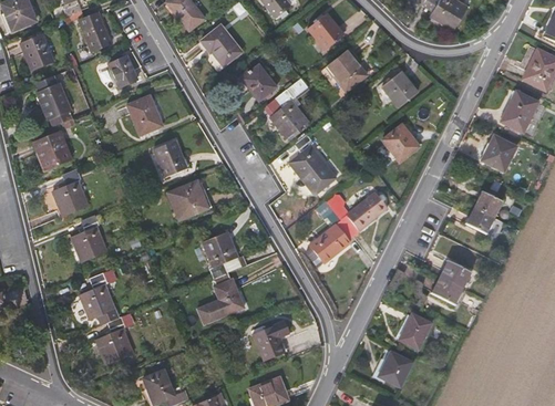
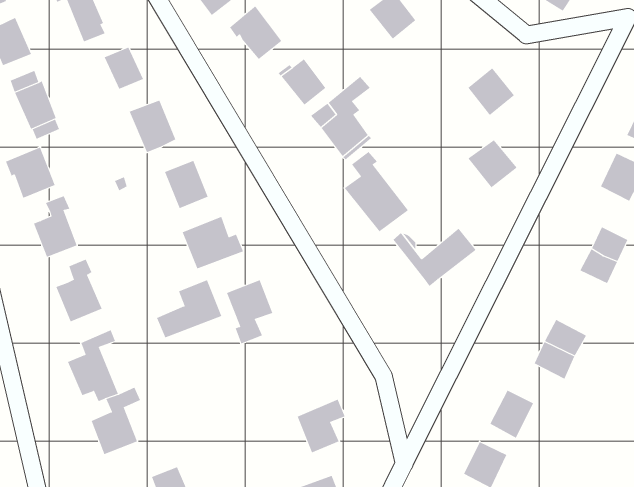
building: [326,52,367,92] -> none
building: [306,211,350,267] -> none
building: [197,275,247,320] -> [156,279,222,338]

